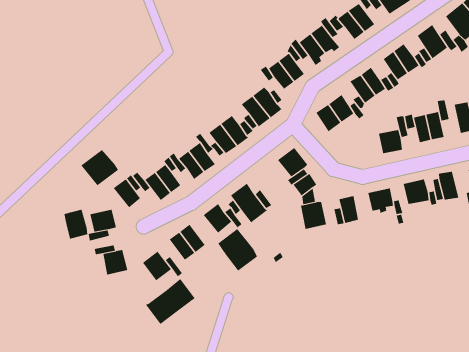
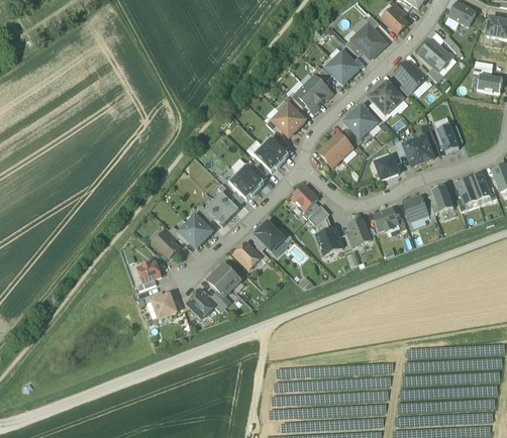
building: [81,149,119,186] -> none
building: [64,209,88,239] -> none
building: [217,228,258,272] -> none
building: [145,278,195,325] -> none

